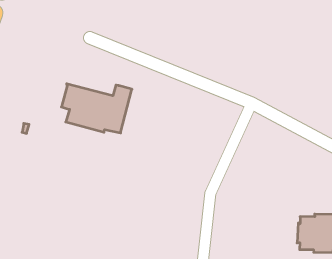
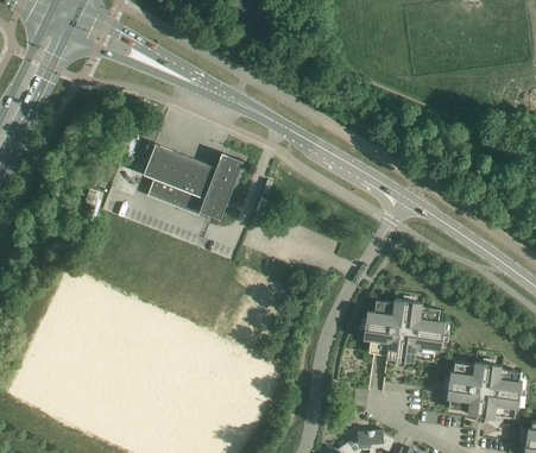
building: none -> [362,300,444,363]

